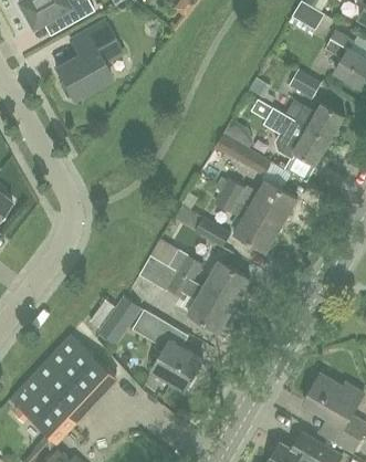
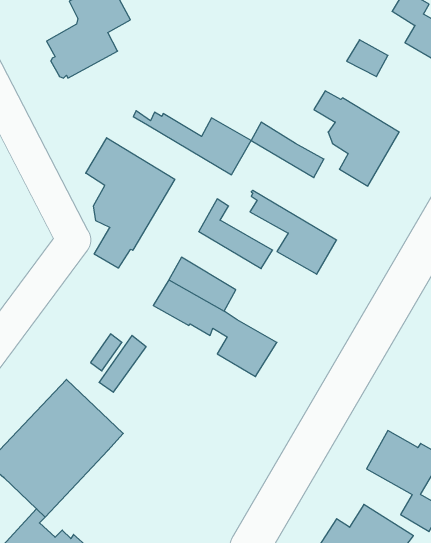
building: [286,98,345,140] -> none
building: none -> [86,138,175,268]
building: [206,175,297,224] -> [133,111,251,175]
building: [205,260,251,304] -> none
building: [132,308,203,389] -> none

